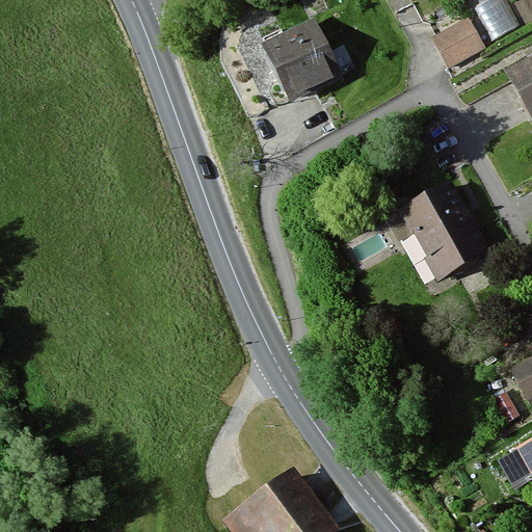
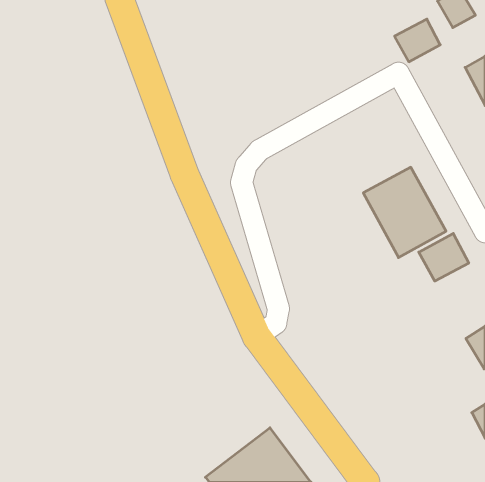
building: [261,20,342,104] -> none
building: none -> [419,233,469,281]

